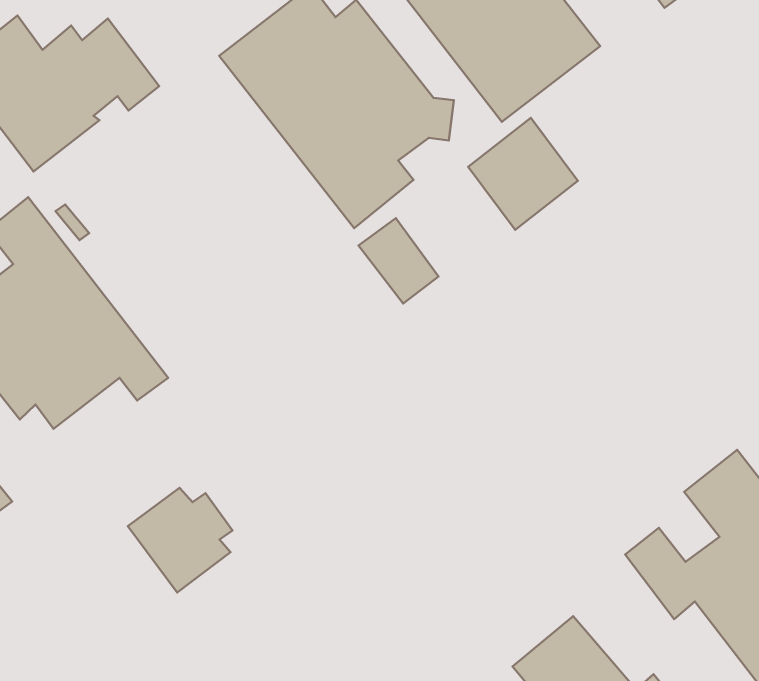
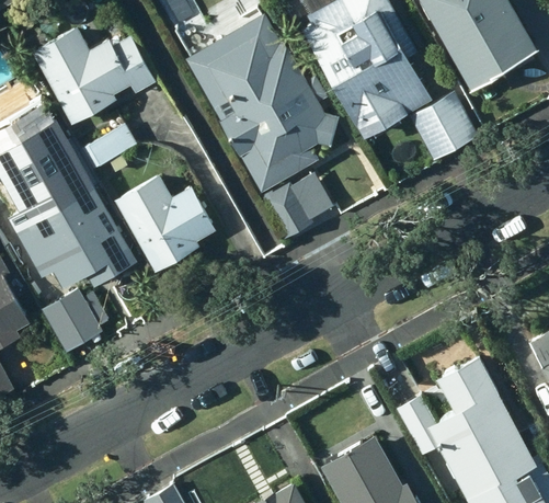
building: [468,118,578,230] -> [412,92,478,159]
building: none -> [115,174,214,270]
building: [128,488,232,592] -> [44,293,107,356]

